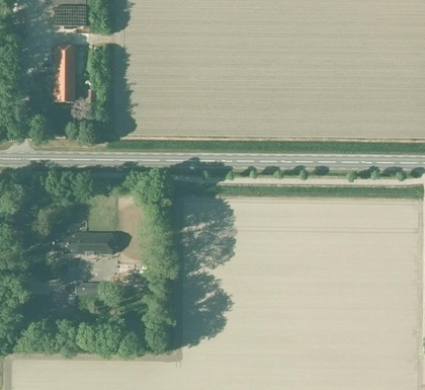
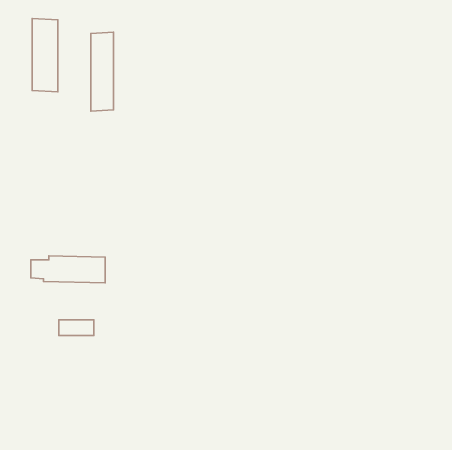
building: none -> [91,32,113,111]

